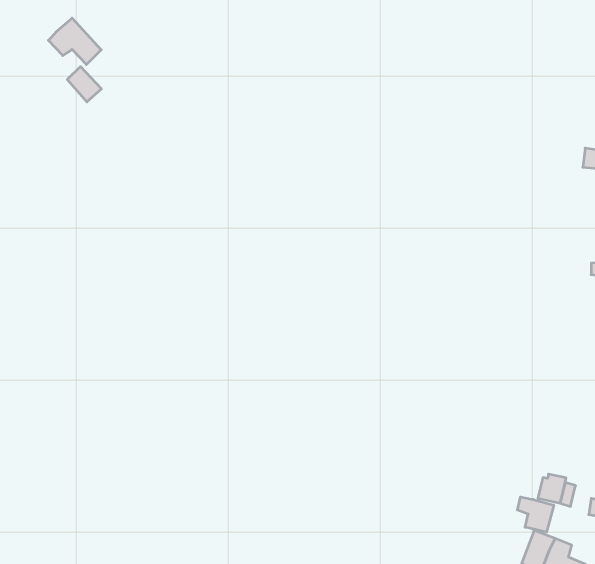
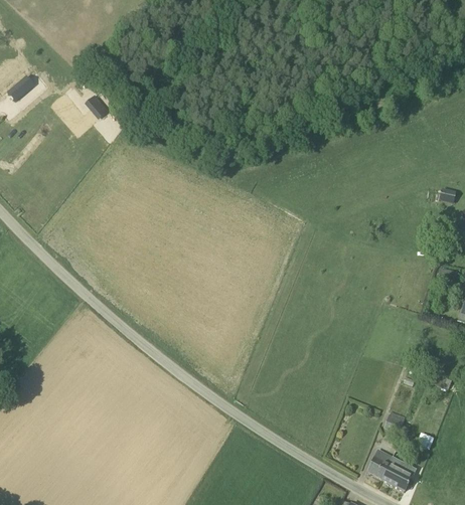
building: [48,18,101,65] -> none
building: [517,497,554,532] -> none

